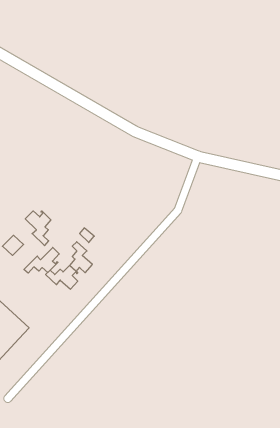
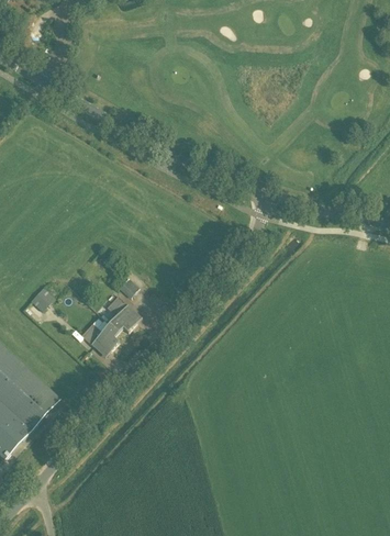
building: [25,211,51,246] -> none
building: [24,247,59,273] -> none

